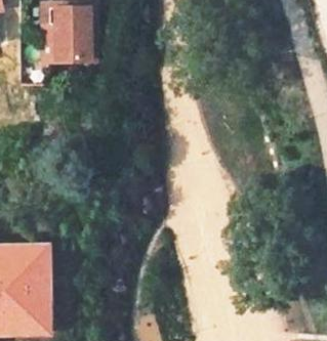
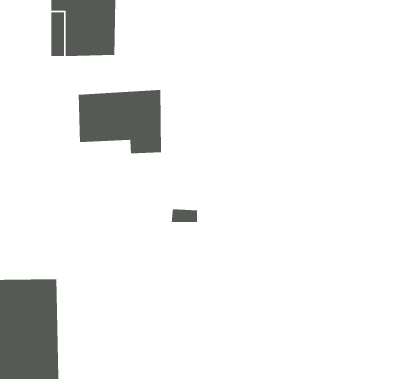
building: none -> [78,89,162,154]

